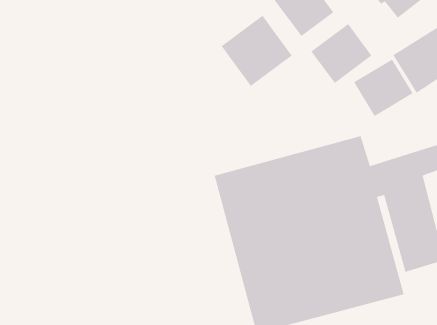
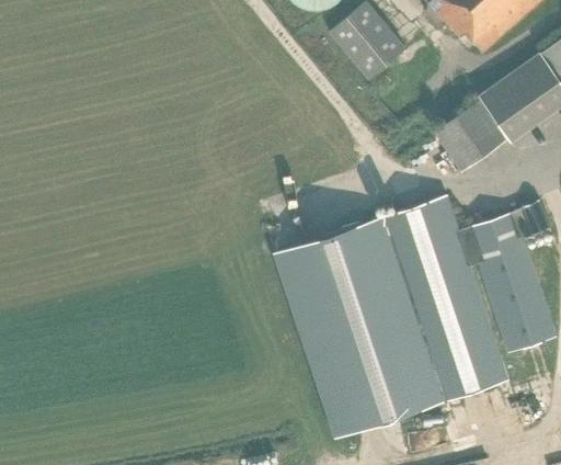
building: [221,15,293,87] -> none
building: [311,23,372,84] -> none

